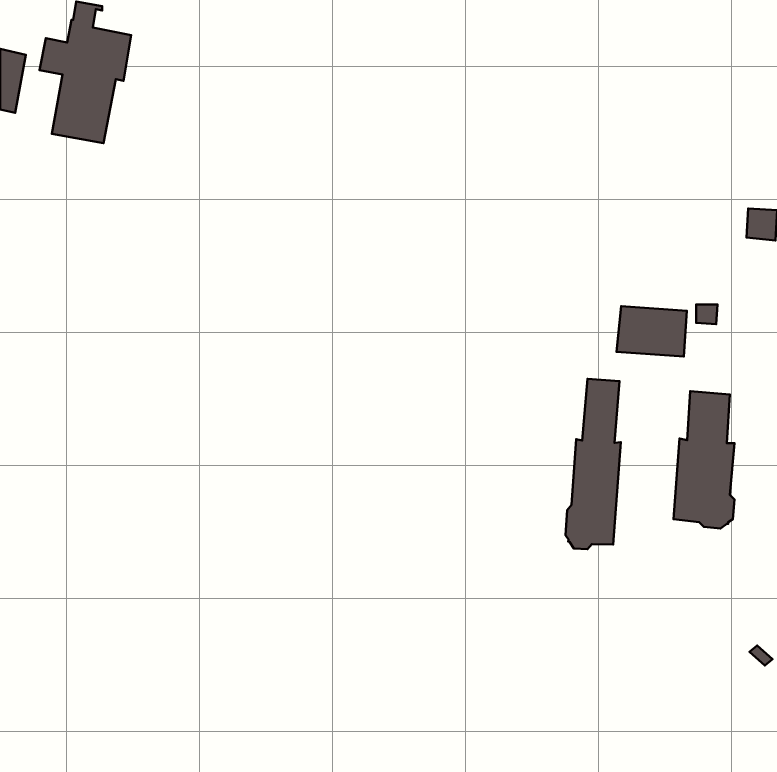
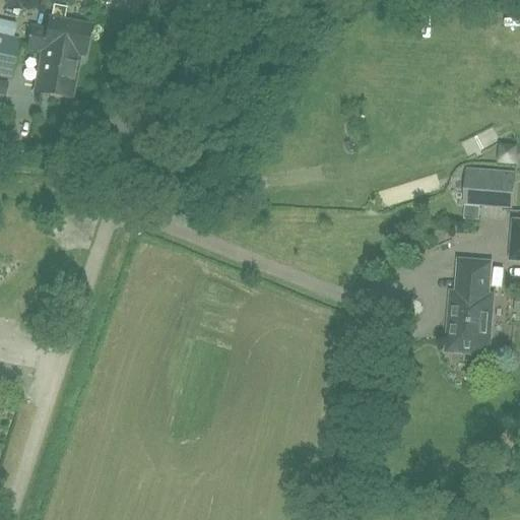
building: [617,306,687,356] -> [466,168,513,201]
building: [565,379,621,549] -> none

